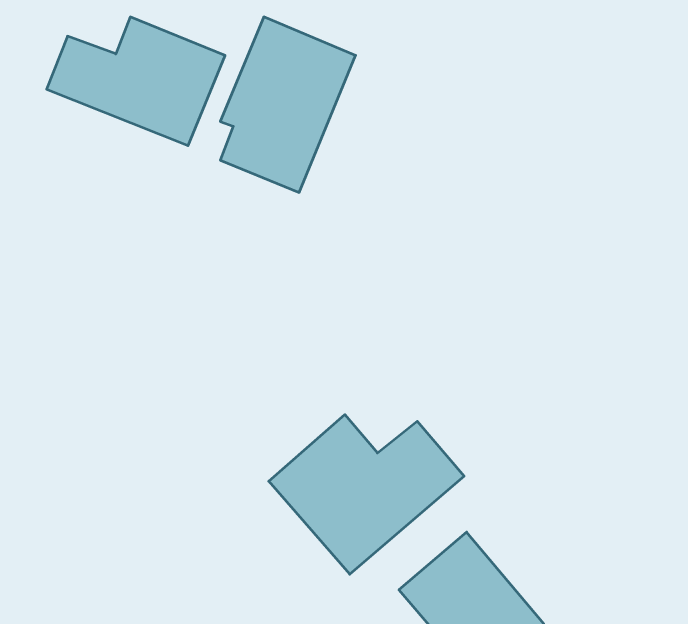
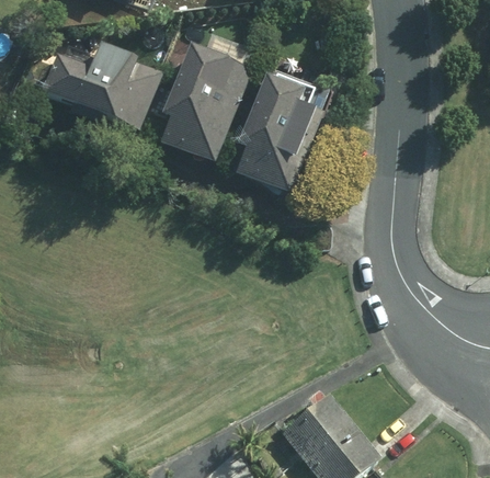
building: none -> [235,72,322,193]
building: [269,415,464,574] -> none

